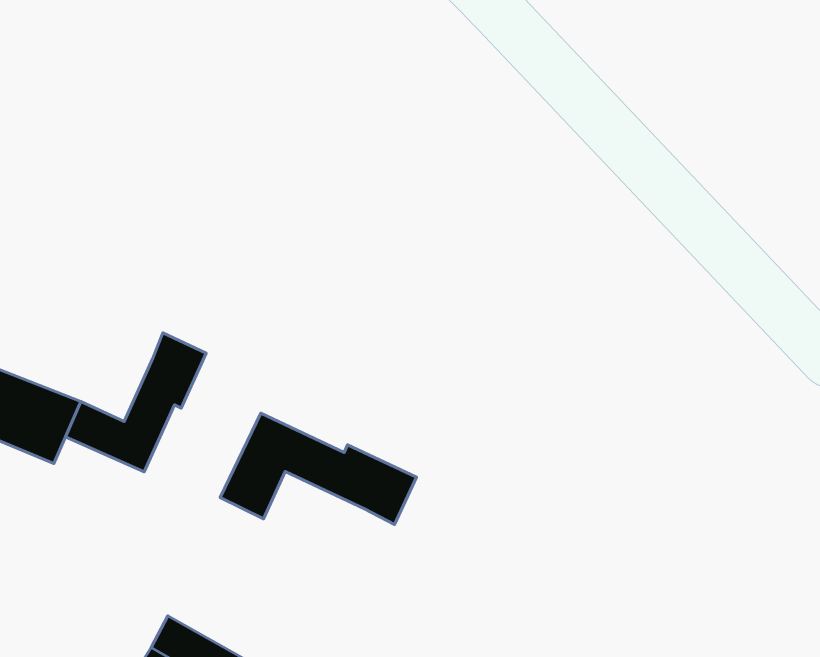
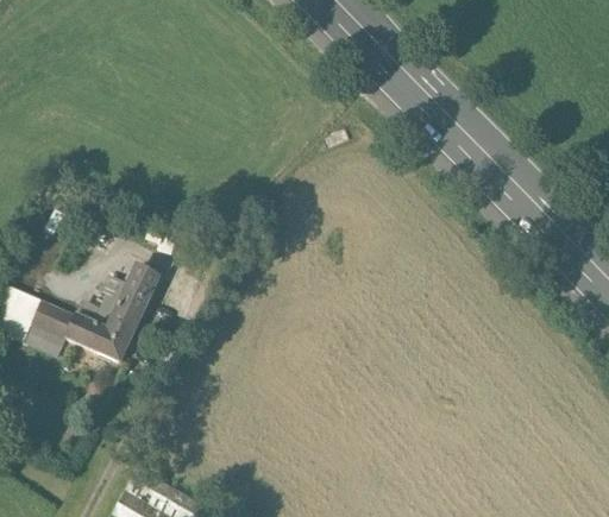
building: none -> [74,273,125,327]
building: [220,413,416,525] -> none

